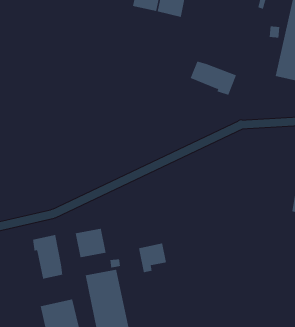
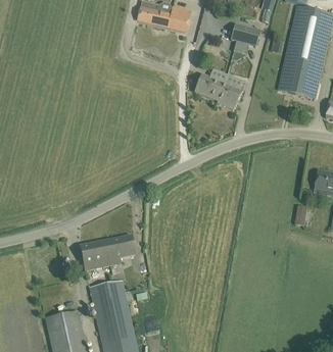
building: none -> [230,23,258,53]
building: [32,234,63,280] -> none
building: [138,243,167,273] -> [105,235,134,264]

